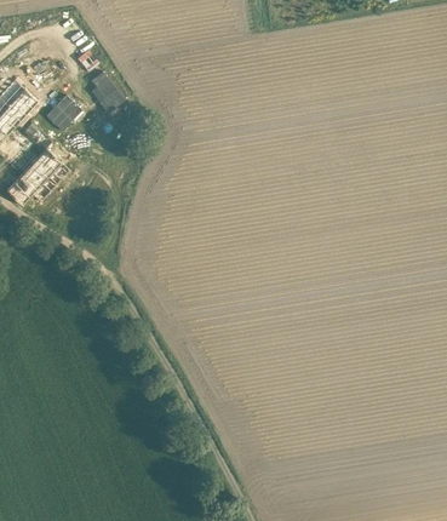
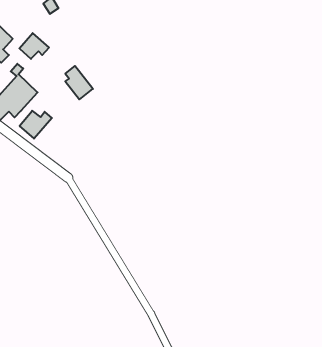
building: [87,69,122,111] -> [65,66,93,99]
building: none -> [20,111,52,139]

